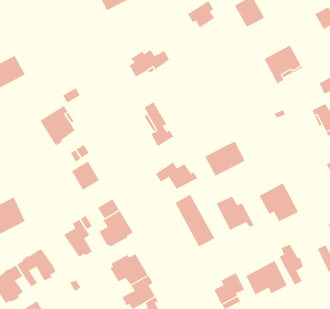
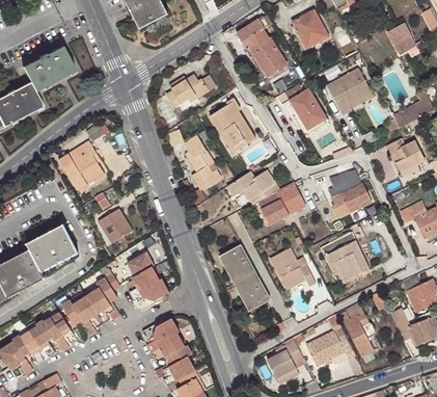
building: none -> [249,35,286,77]
building: none -> [22,46,74,89]
building: none -> [288,88,325,131]
building: none -> [209,102,253,153]
building: none -> [328,169,368,216]
building: [155,162,198,190] -> [226,170,277,204]
building: none -> [26,226,77,272]
building: none -> [63,295,106,335]

